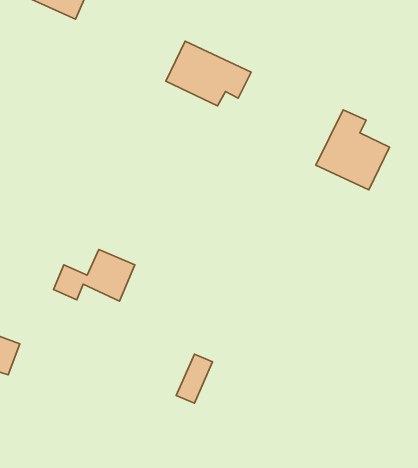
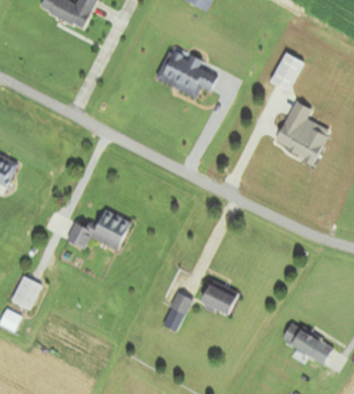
building: none -> [271,52,303,90]
building: none -> [201,282,236,316]
building: none -> [281,323,336,364]

